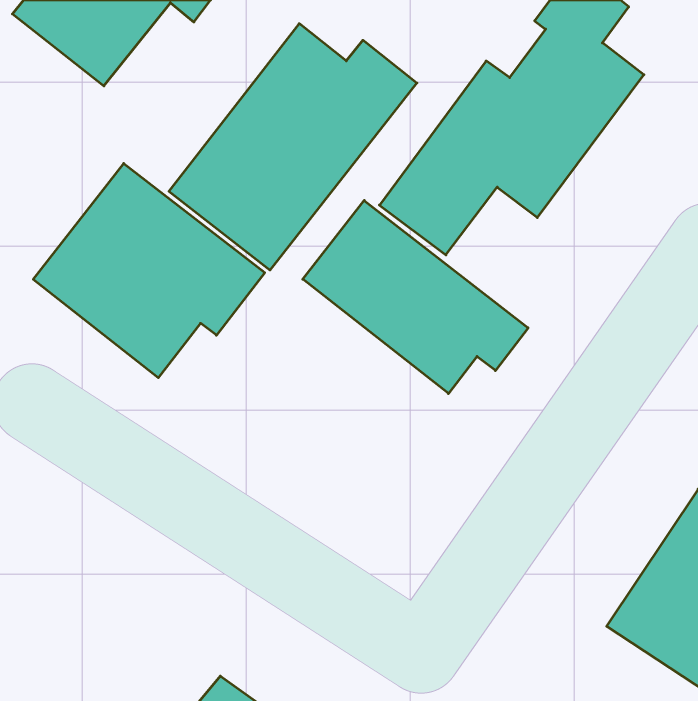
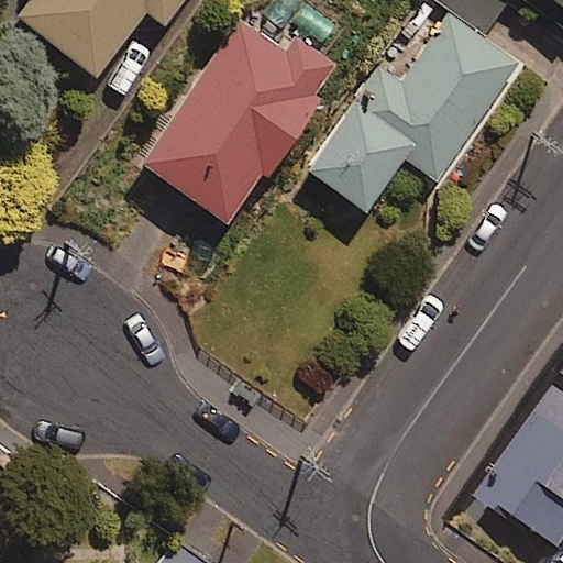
building: [33,163,265,378] -> none
building: [303,200,528,394] -> none

